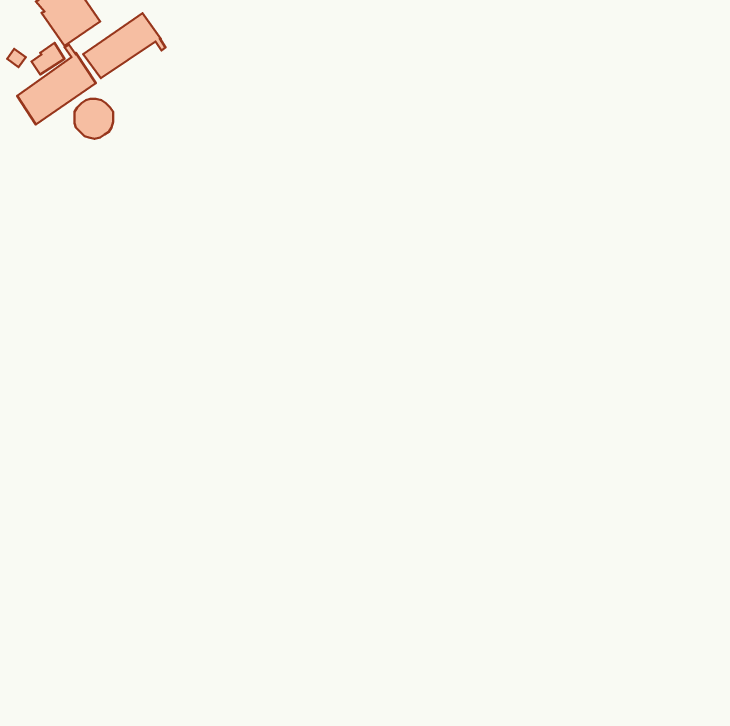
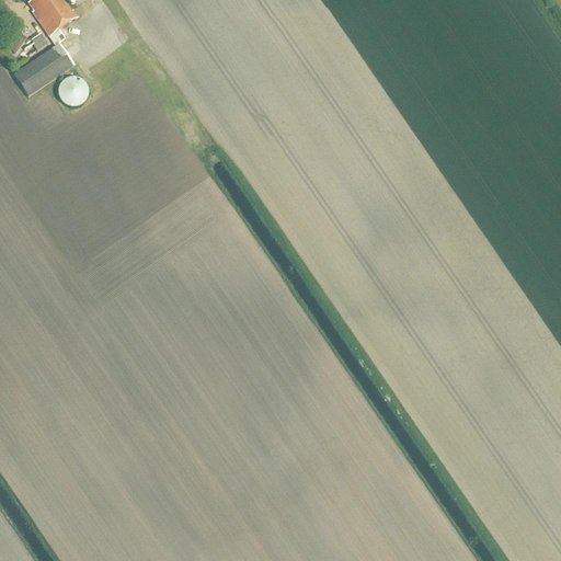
building: [83,13,166,78] -> none

